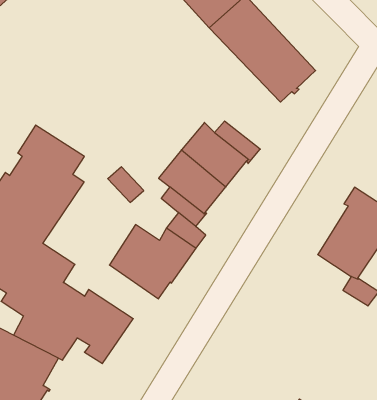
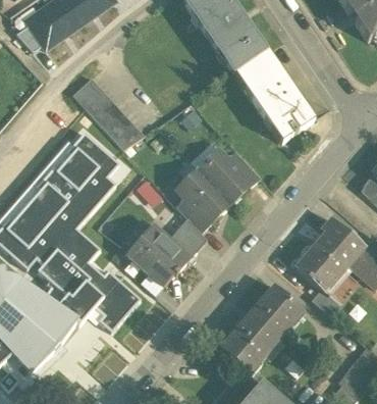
building: none -> [72,77,144,149]
building: none -> [218,284,303,373]

